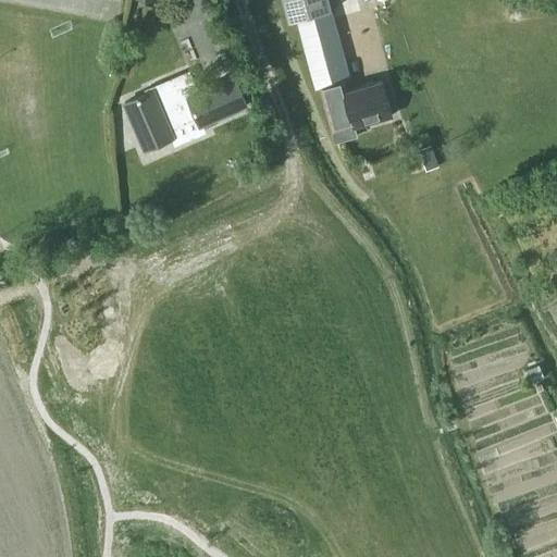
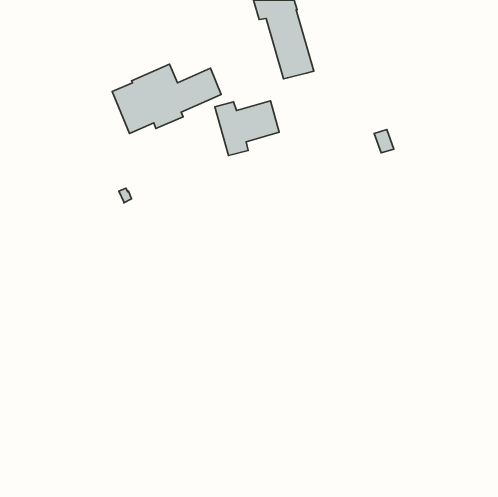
building: [321,82,393,143] -> [215,101,279,155]

